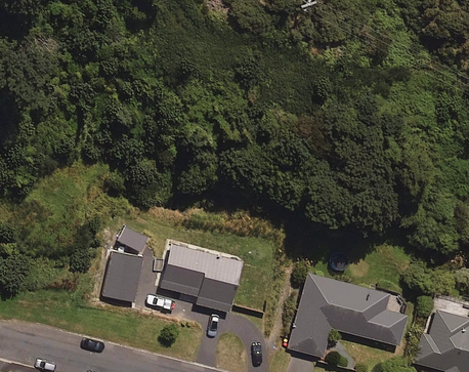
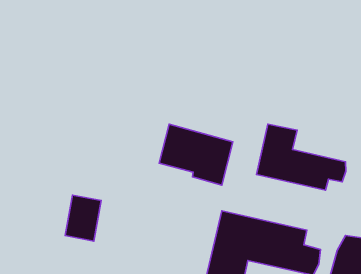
building: none -> [257,124,346,190]
building: [173,247,255,315] -> [159,124,233,185]

